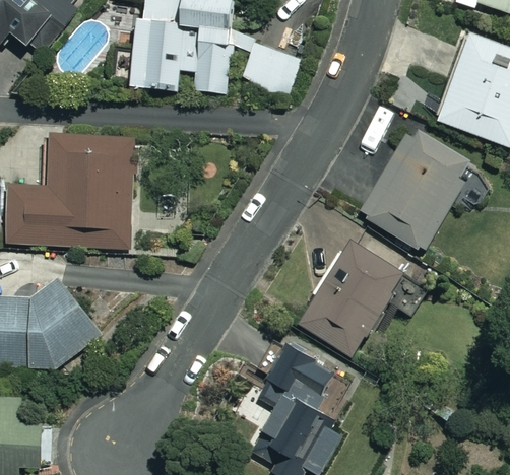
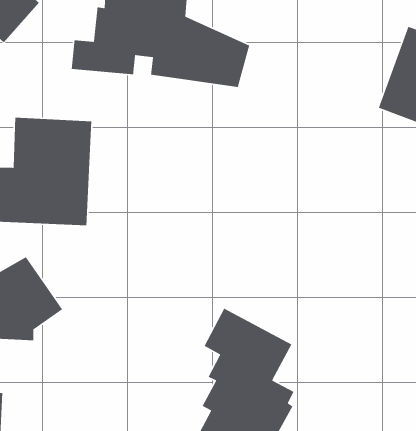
building: [358,130,466,250] -> none
building: [298,246,399,358] -> none

